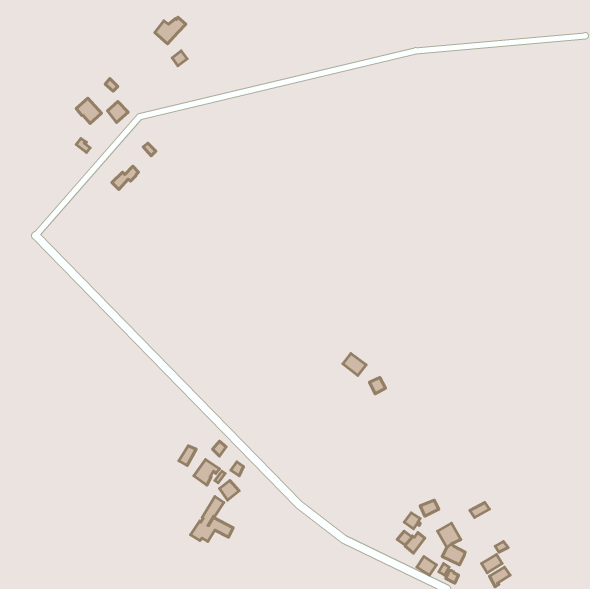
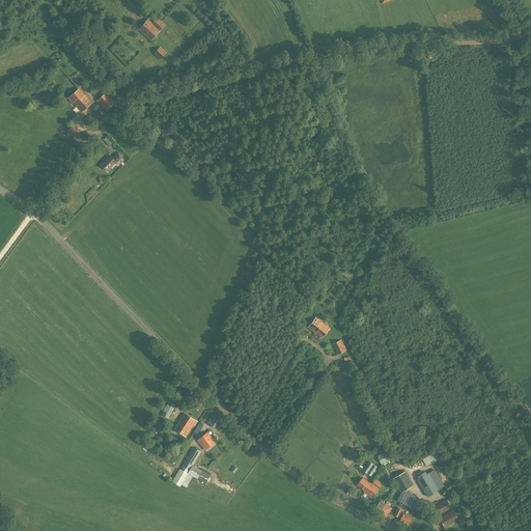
building: none -> [418,469,445,496]

